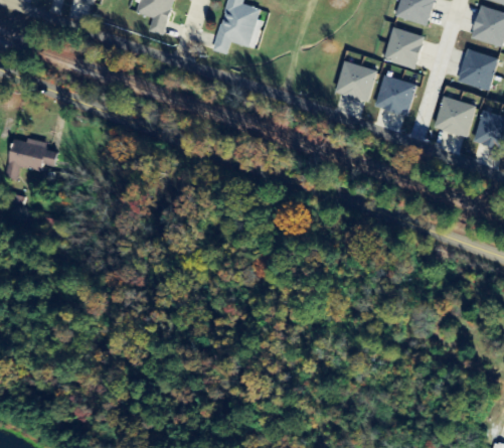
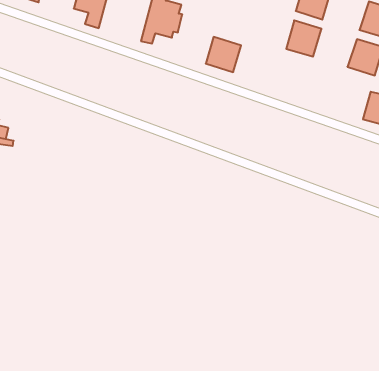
building: [336,60,377,102] -> [206,37,241,72]
building: [375,74,416,115] -> none
building: [436,97,475,136] -> none

